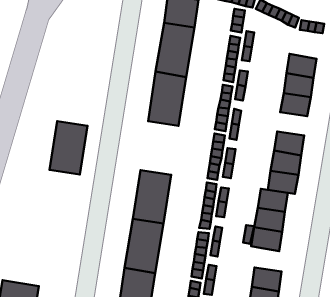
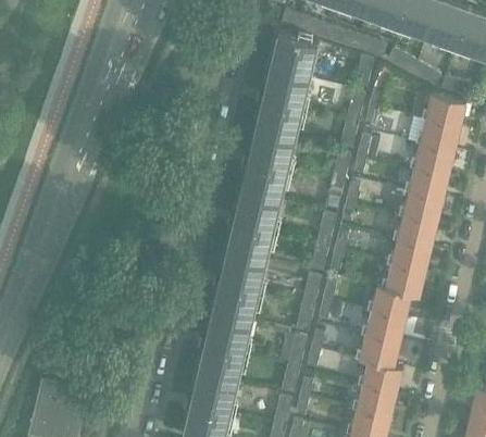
building: none -> [425,100,465,134]
building: none -> [402,198,441,229]
building: [49,121,88,175] -> [226,197,278,266]
building: none -> [361,366,401,399]

